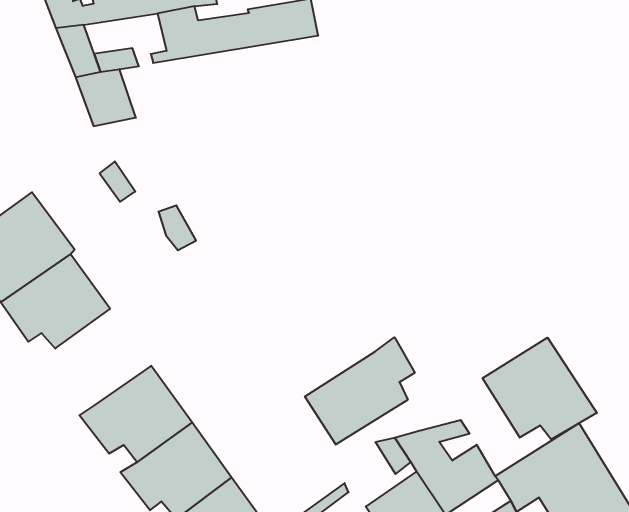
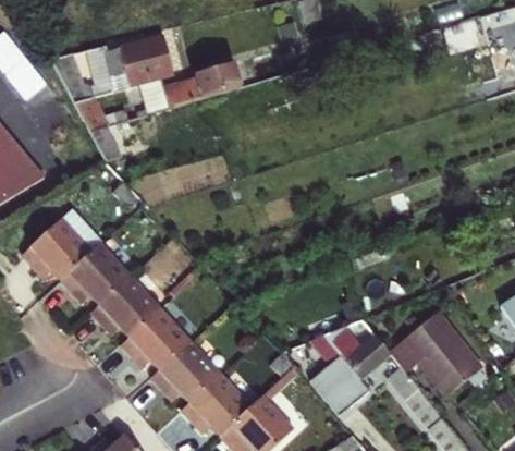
building: none -> [90,276,161,338]
building: [305,337,415,445] -> none
building: [483,338,597,439] -> none

